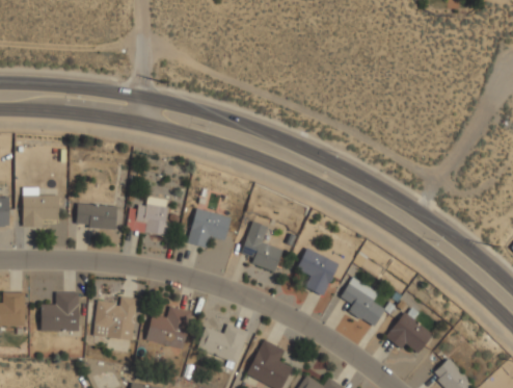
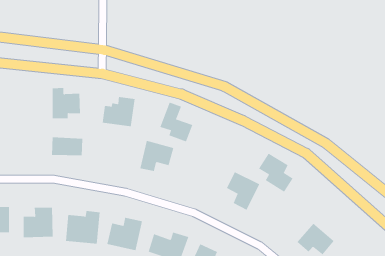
building: [22,187,58,227] -> [52,87,81,119]
building: [126,197,168,235] -> [102,96,136,127]
building: [240,221,282,271] -> [159,102,193,142]
building: [340,277,384,327] -> [258,153,294,193]

